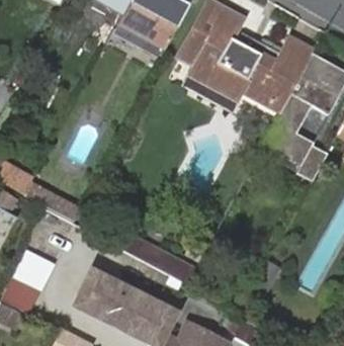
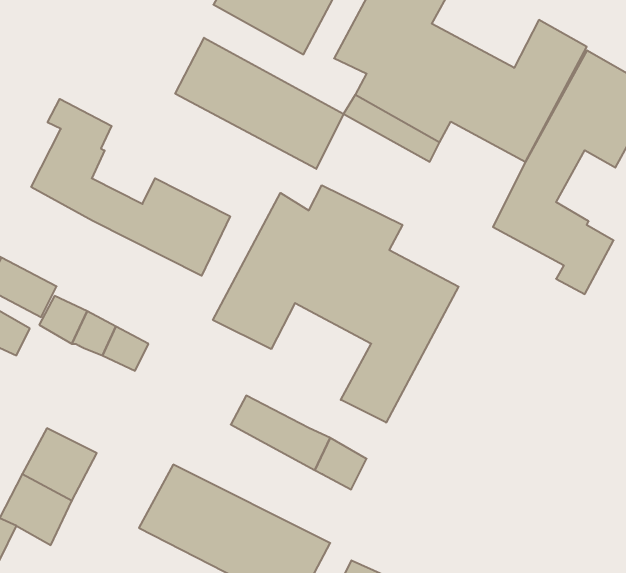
building: none -> [175,38,344,169]
building: none -> [31,99,230,276]
building: none -> [213,185,459,423]

